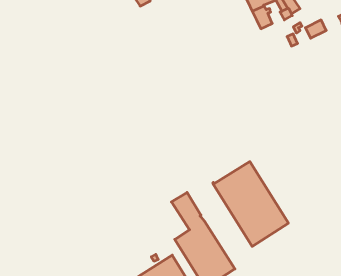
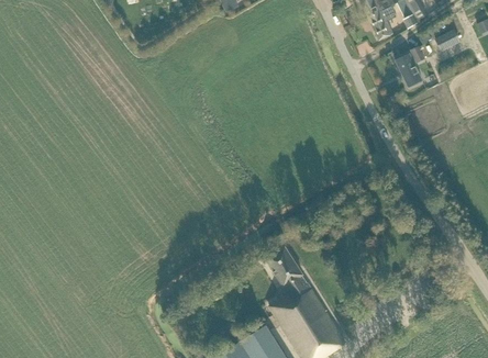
building: none -> [396,53,423,87]
building: [213,162,288,246] -> none

